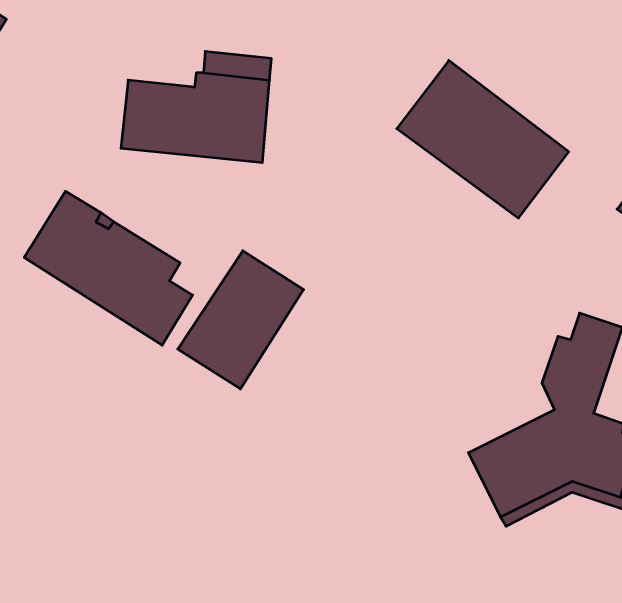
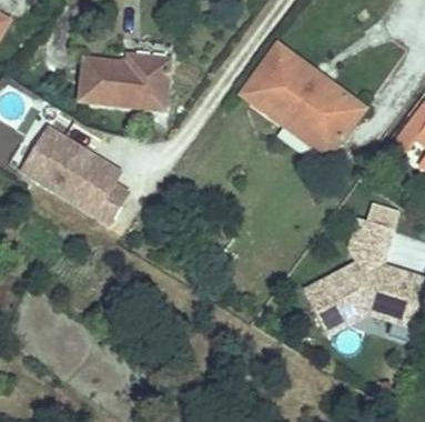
building: none -> [239,40,330,153]
building: [178,251,304,389] -> none

